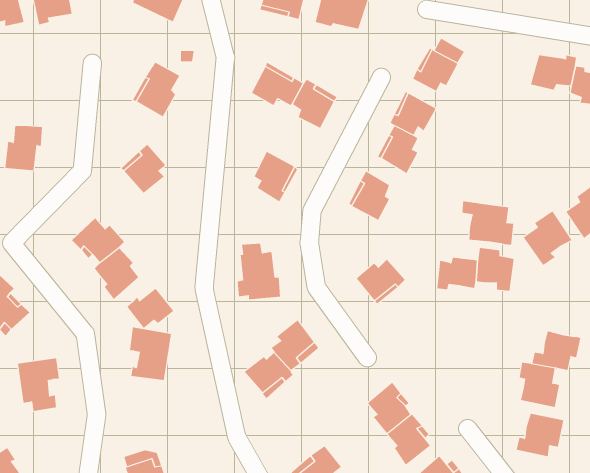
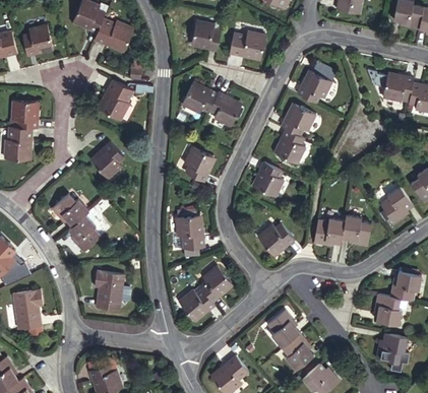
building: none -> [14,100,40,127]
building: [462,200,514,245] -> none
building: [126,288,174,329] -> none

